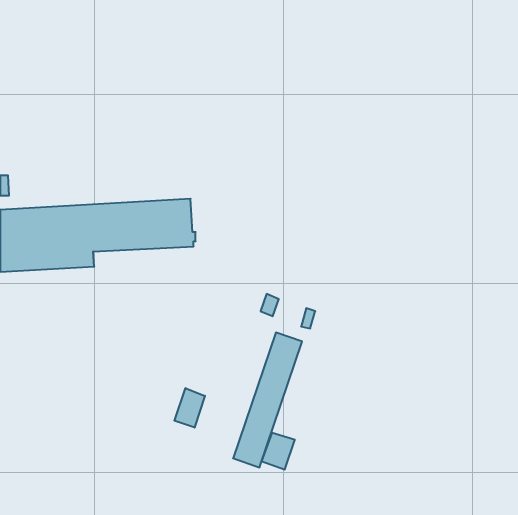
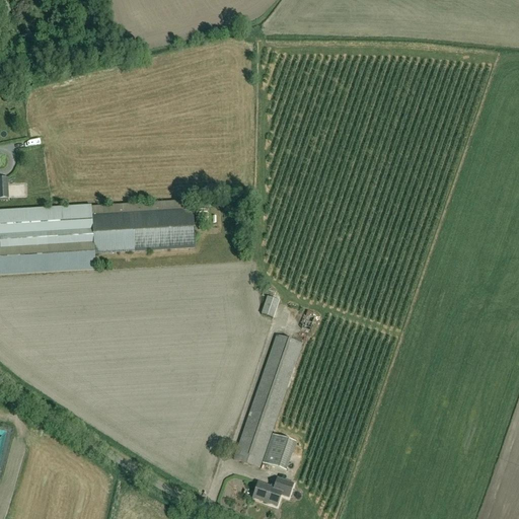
building: [174,388,205,428] -> none
building: none -> [252,476,293,505]

